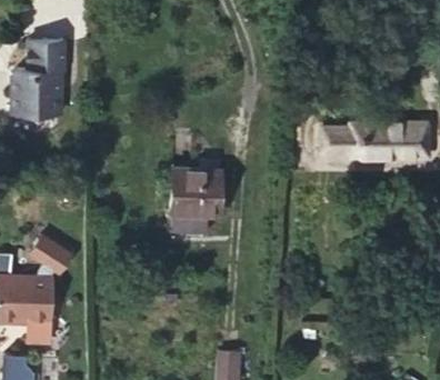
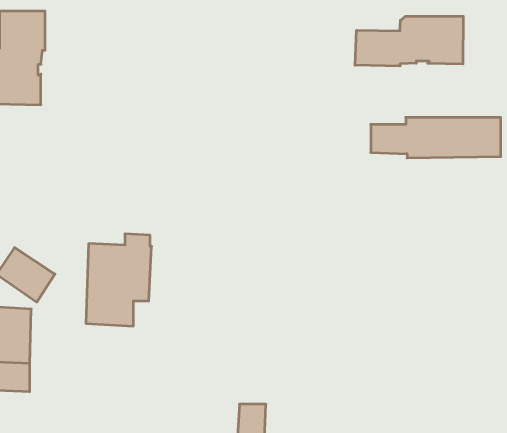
building: none -> [355,16,463,66]
building: [170,161,222,234] -> [86,234,152,326]

